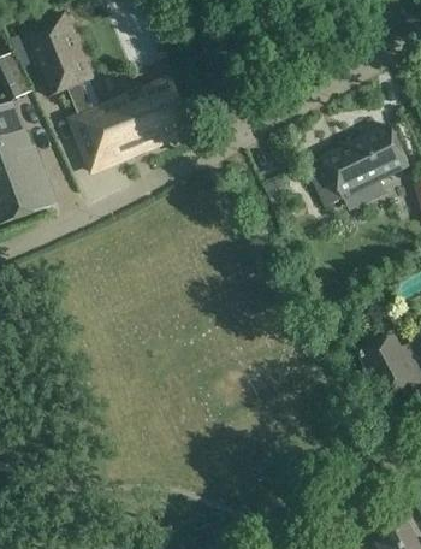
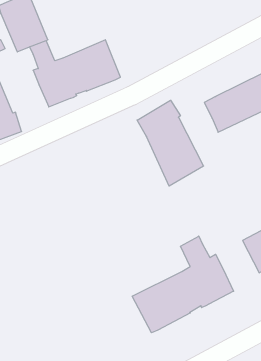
building: none -> [137,100,204,186]
building: none -> [132,236,234,333]

